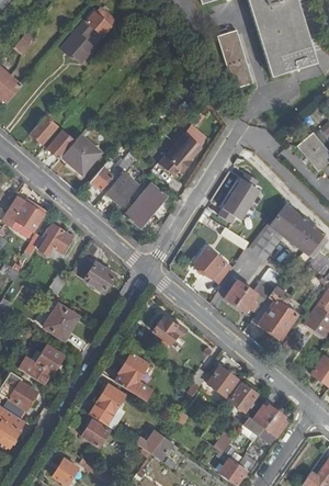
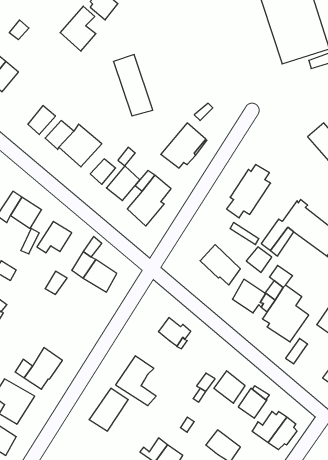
building: [216,30,253,88] -> [113,55,153,116]
building: [45,304,78,340] -> none
building: [81,418,110,447] -> none

